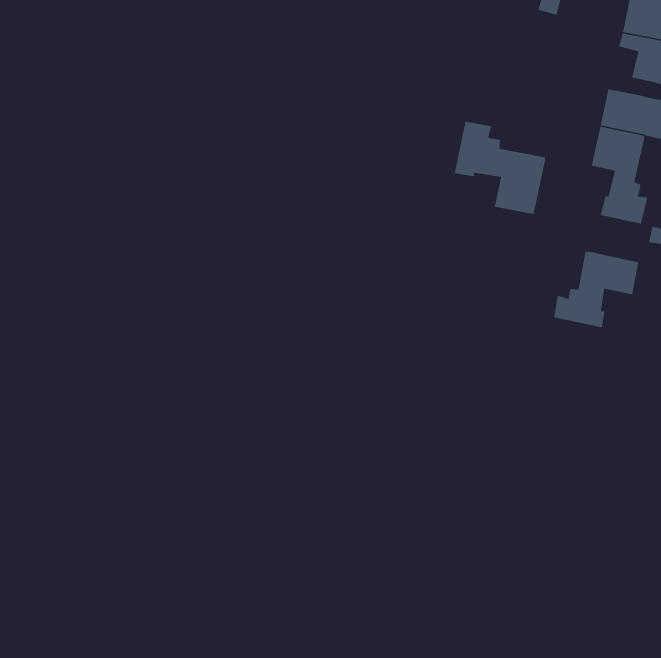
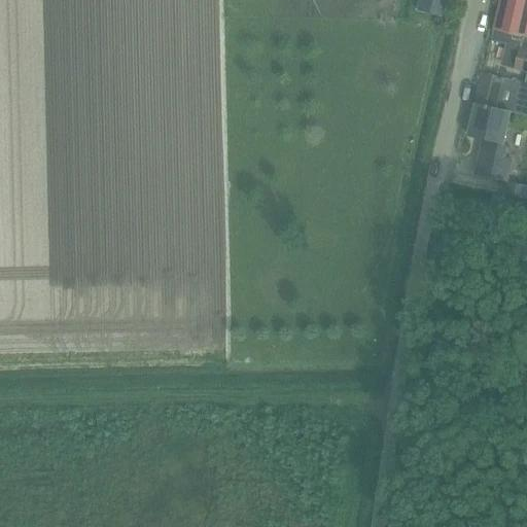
building: [454,121,546,215] -> none
building: [553,251,639,328] -> none

